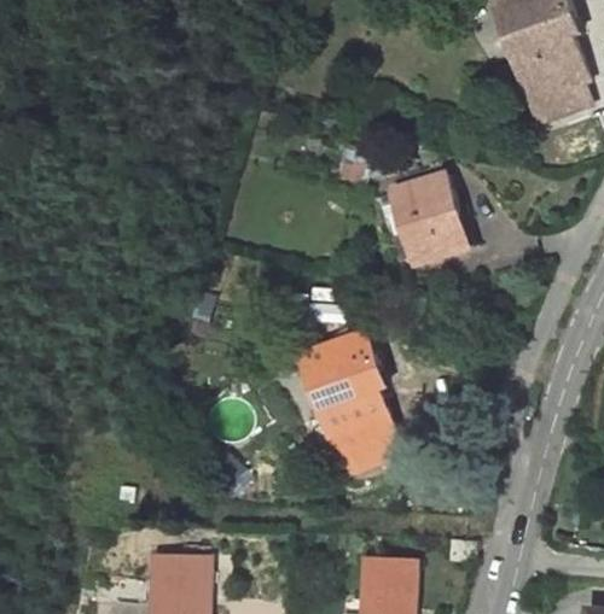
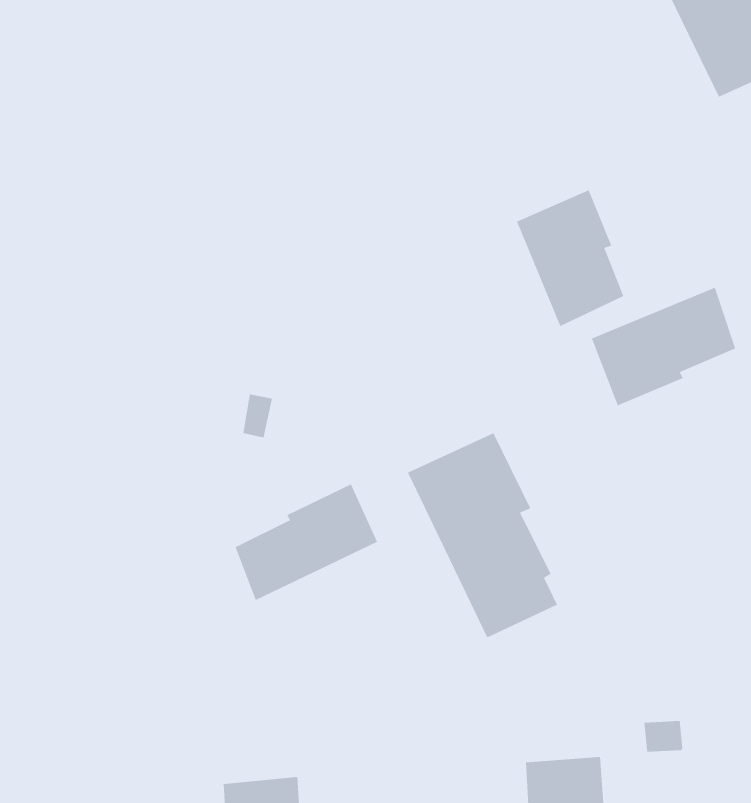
building: none -> [591,287,736,406]
building: none -> [235,483,378,601]

